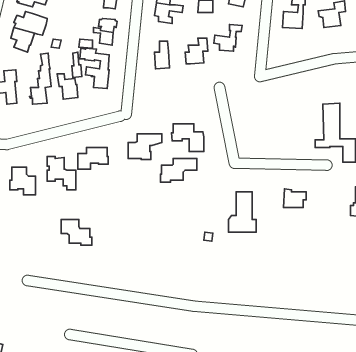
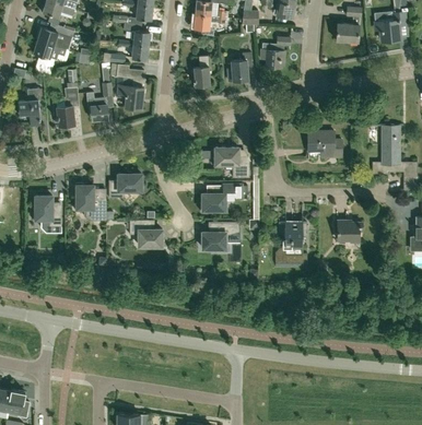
building: none -> [306,132,341,157]
building: [128,134,162,159] -> [201,222,238,250]
building: [61,220,92,245] -> [129,220,163,248]

